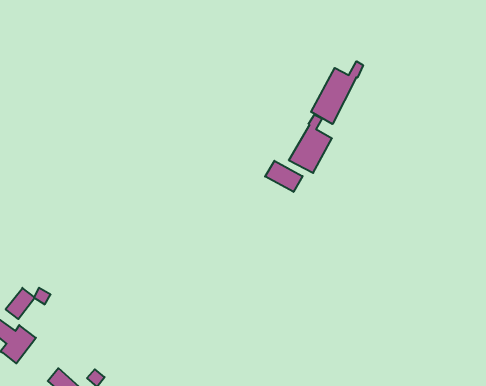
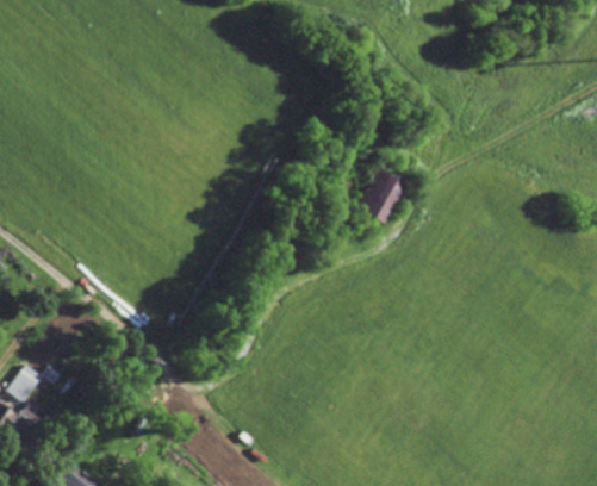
building: [311,61,363,124] -> none
building: [265,161,303,192] -> none

